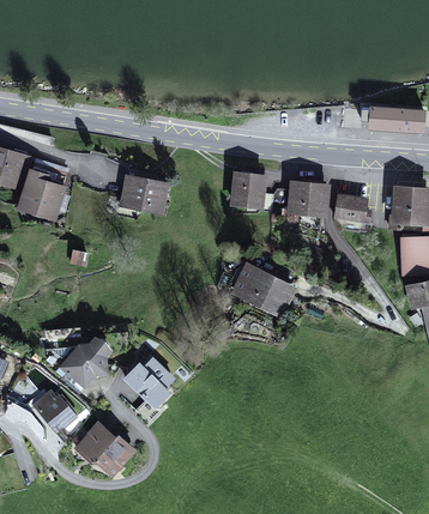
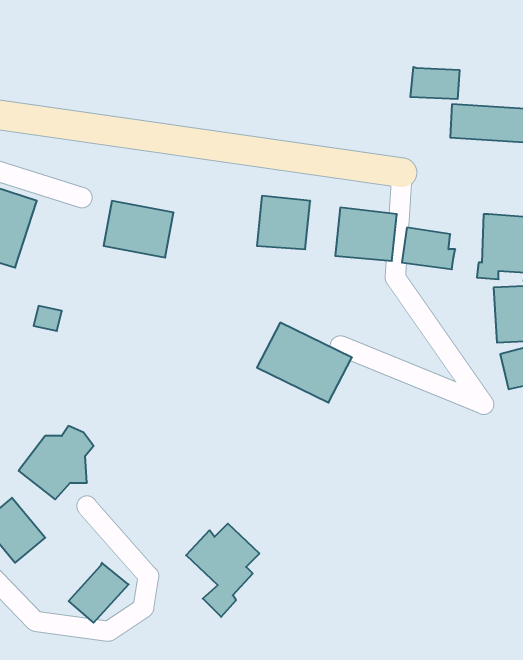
building: none -> [410,67,459,99]
building: [123,356,176,423] -> [186,524,259,617]
building: [74,421,117,464] -> none

